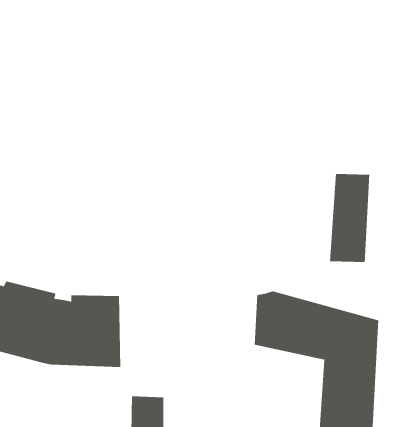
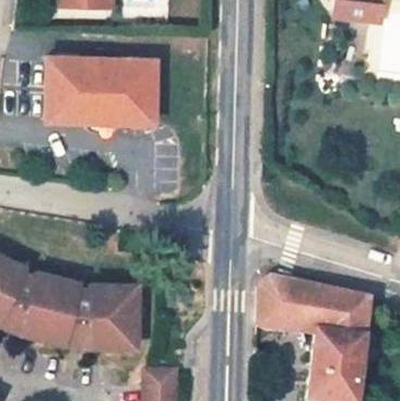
building: none -> [46,56,157,125]
building: [329,173,370,263] -> none

